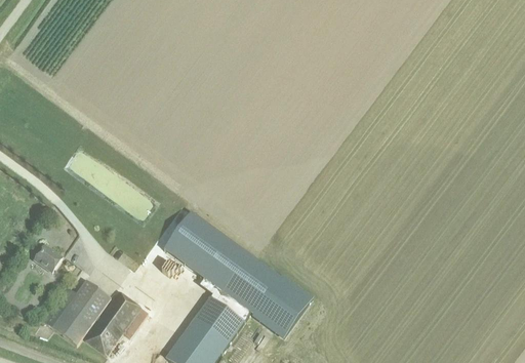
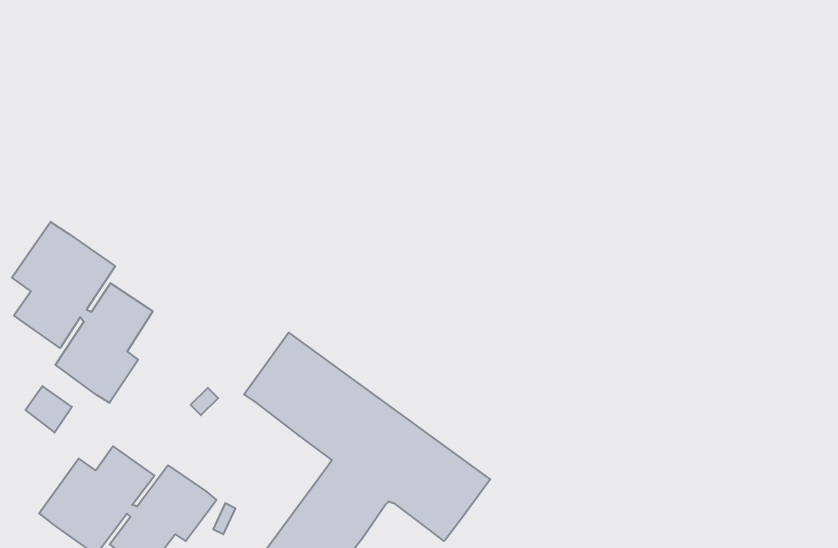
building: none -> [12,222,153,403]

